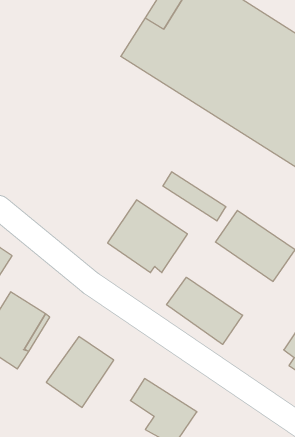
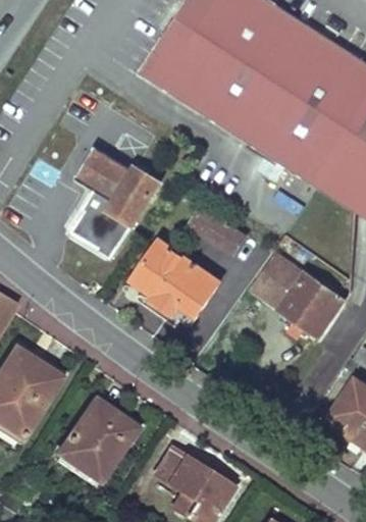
building: none -> [70,149,157,259]
building: [167,277,243,344] -> none

